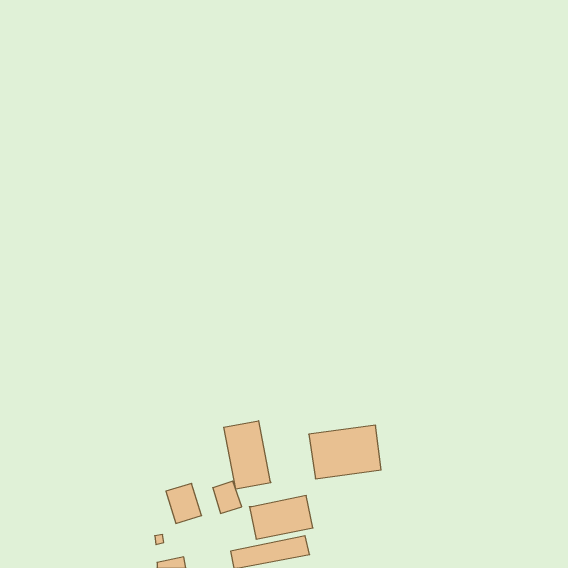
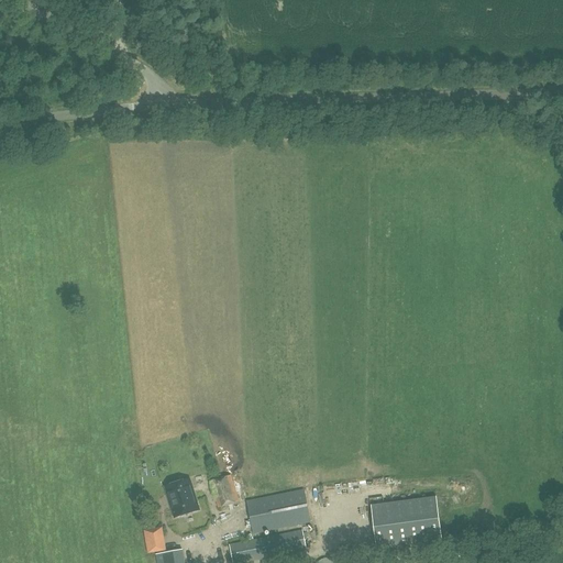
building: [224,421,271,489] -> none
building: [309,425,381,479] -> [369,496,441,549]

